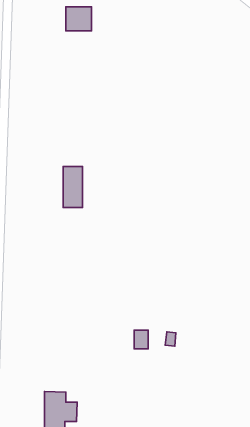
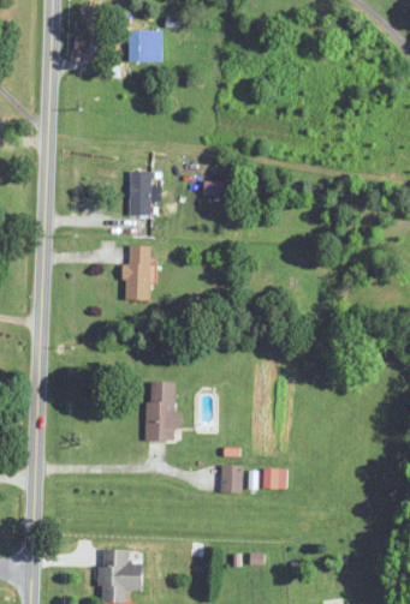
building: none -> [129,172,151,216]
building: none -> [145,382,180,442]

